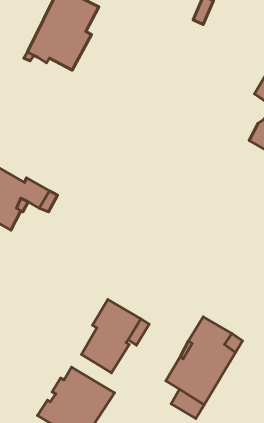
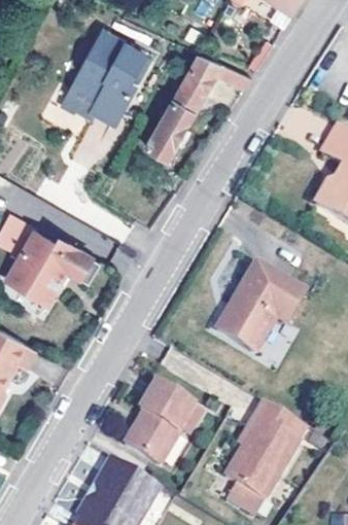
building: none -> [146,52,251,161]
building: none -> [217,260,306,348]

